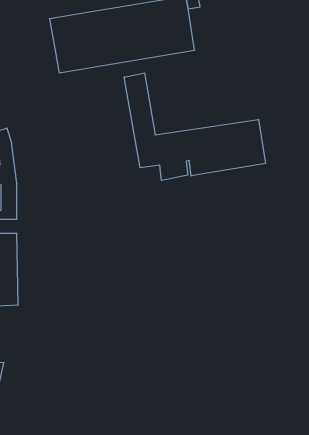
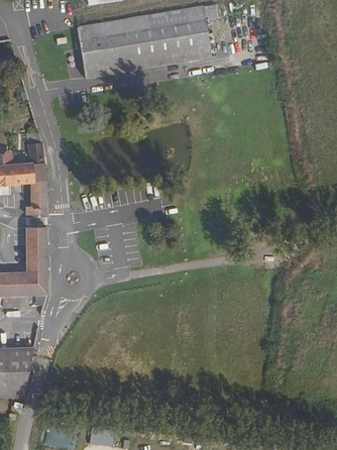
building: [124,73,266,181] -> none

